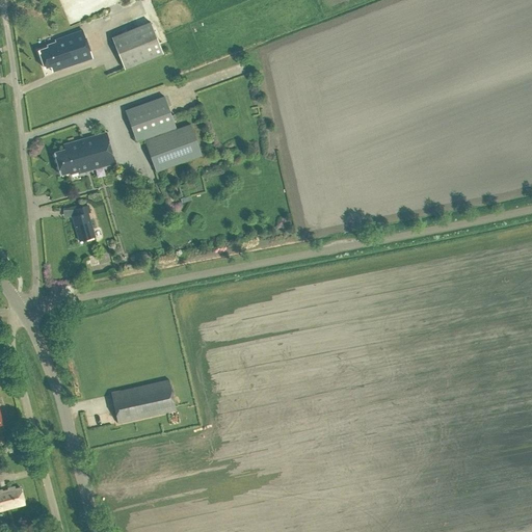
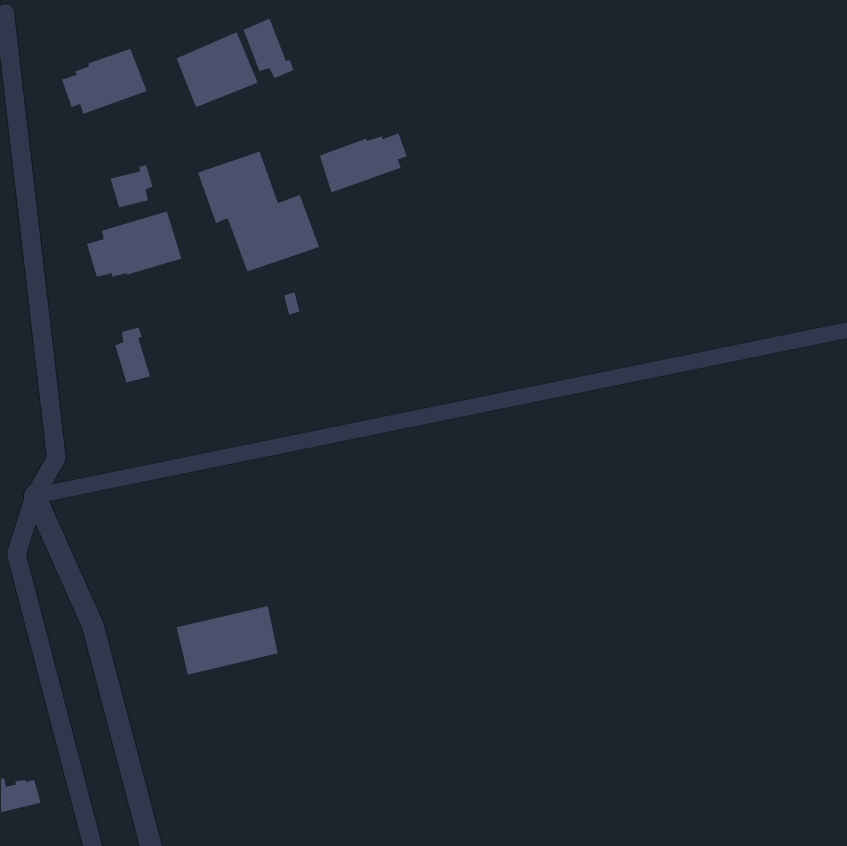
building: none -> [243,18,294,79]
building: none -> [319,132,408,193]
building: none -> [110,165,153,208]

